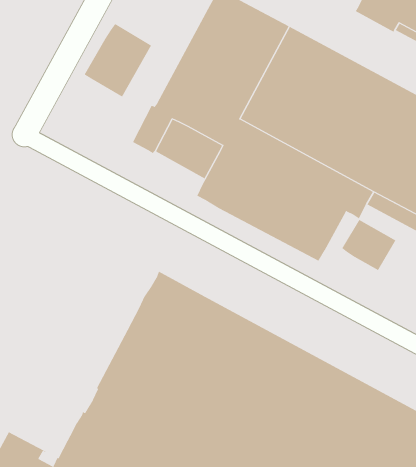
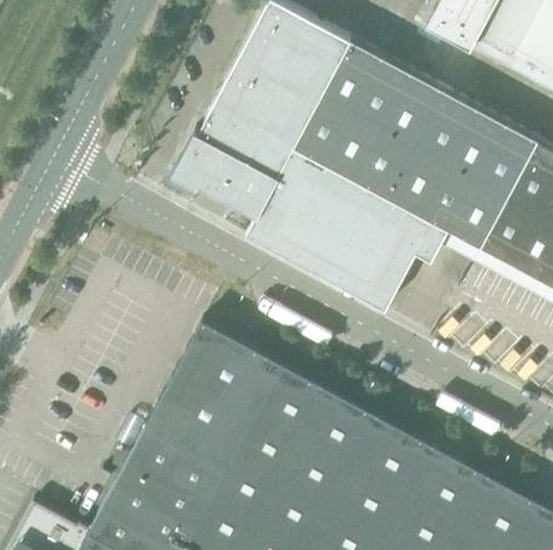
building: [84,23,152,97] -> none
building: [341,219,396,271] -> none

